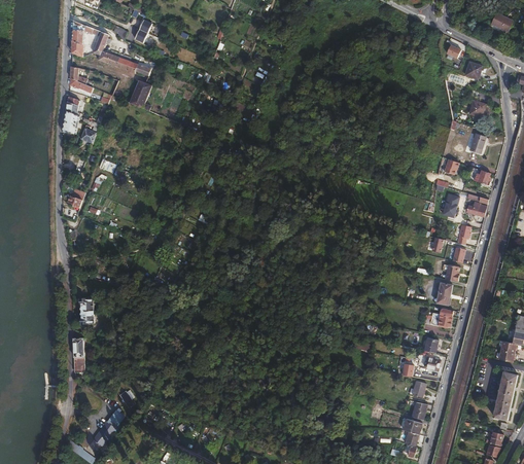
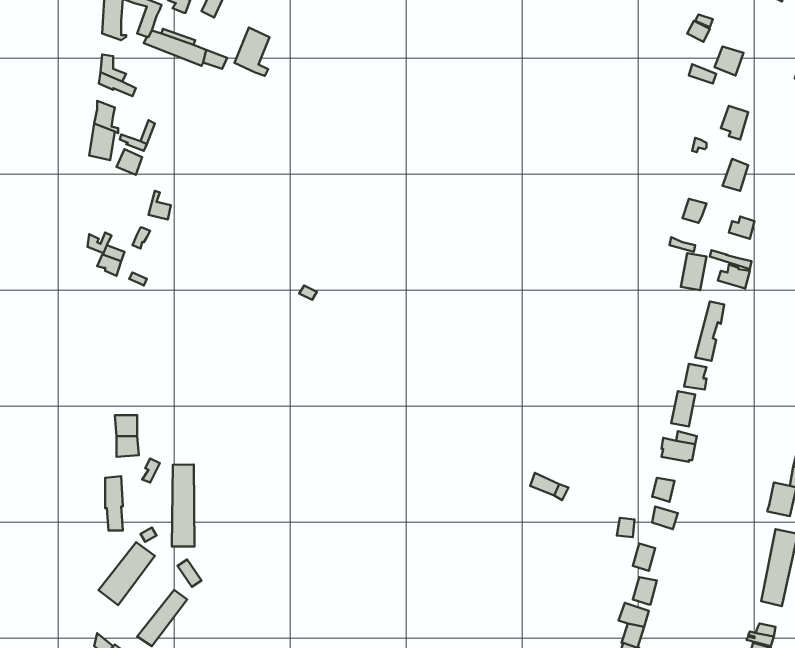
building: [129,79,151,110] -> [234,28,270,76]
building: none -> [172,465,194,546]
building: none -> [98,542,155,605]

